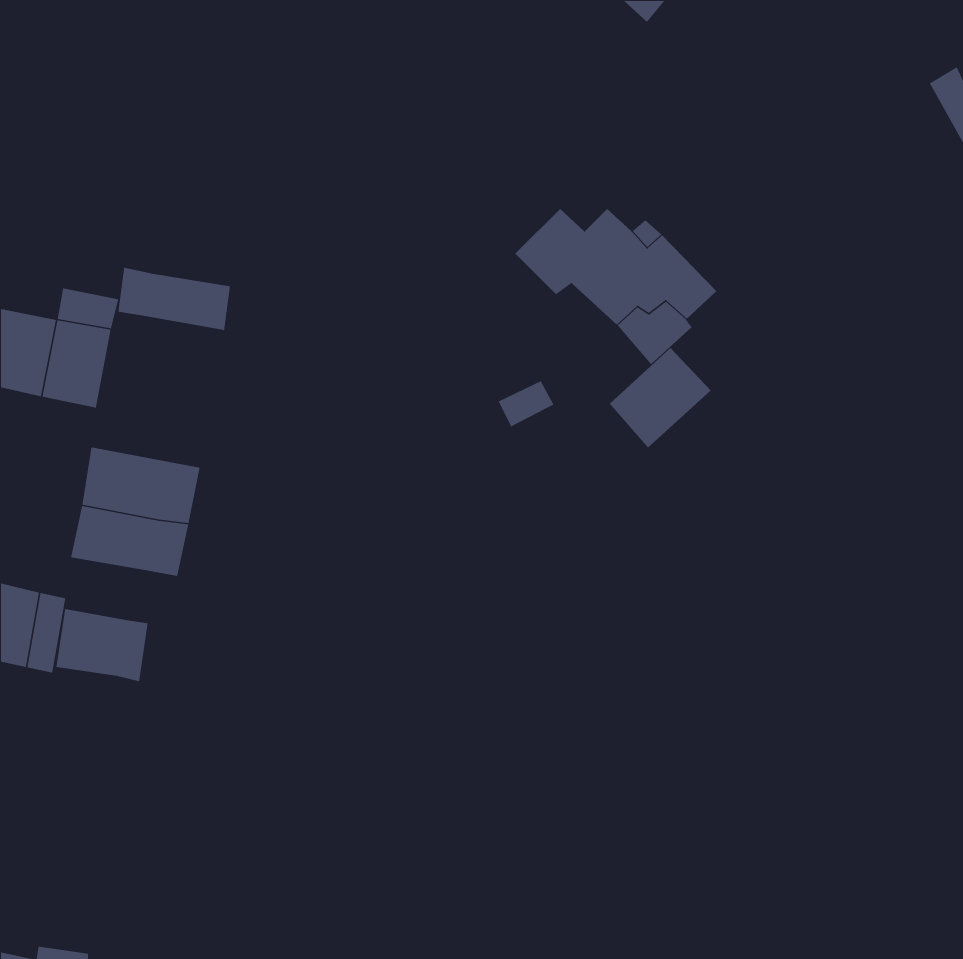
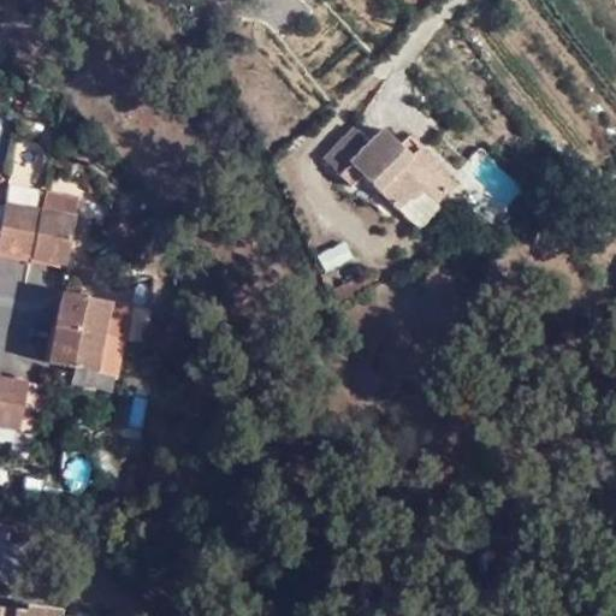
building: [117,267,231,331] -> none
building: [609,347,711,448] -> none
building: [56,608,148,682] -> none

